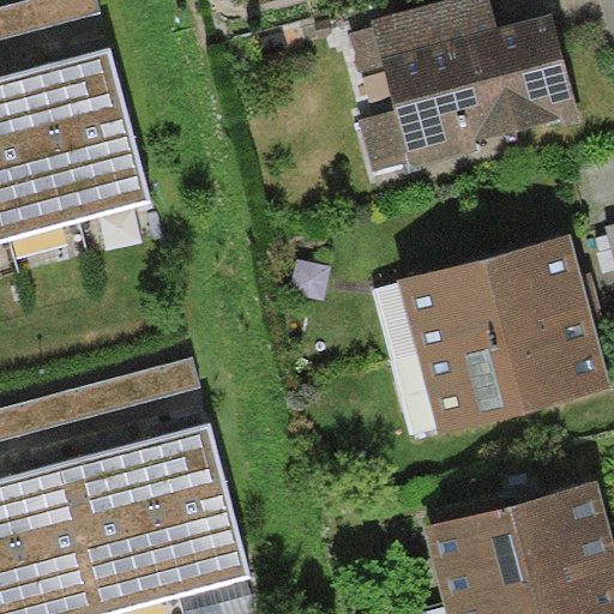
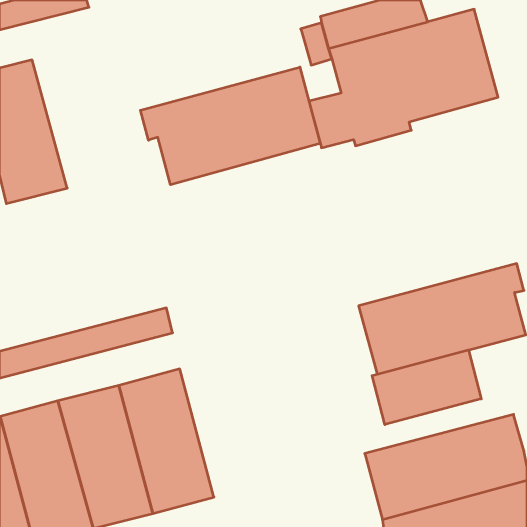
building: [37,53,145,219] -> none
building: none -> [140,67,320,185]
building: [397,234,600,356] -> none
building: none -> [372,350,481,425]

